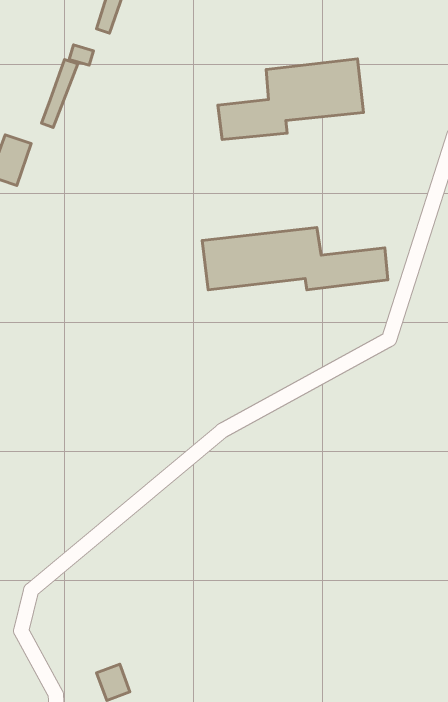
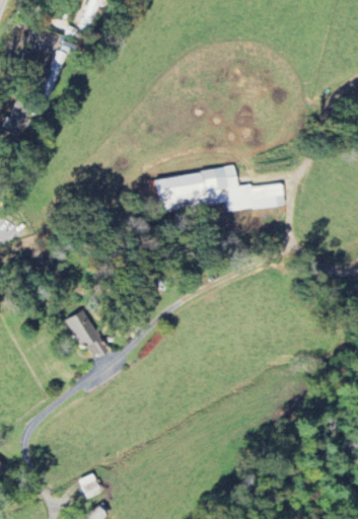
building: [218,59,363,140] -> none
building: none -> [65,308,106,361]

